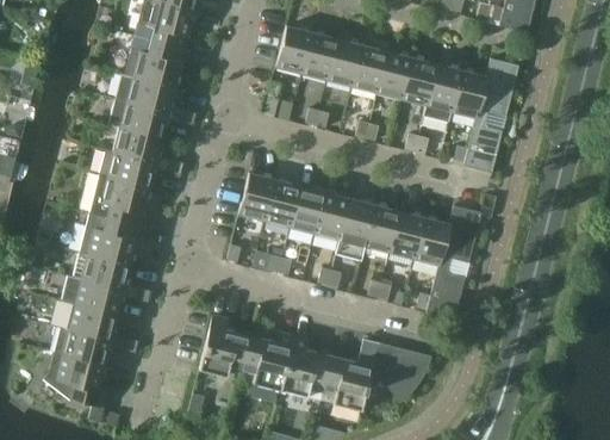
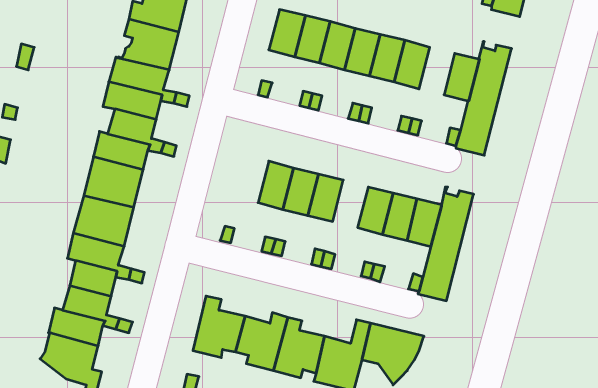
building: [425,64,461,112] -> none
building: [237,173,274,221] -> none
building: [335,198,374,260] -> none

